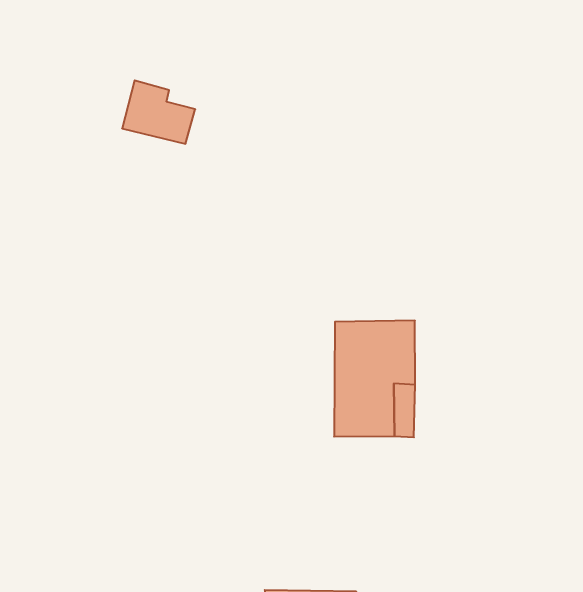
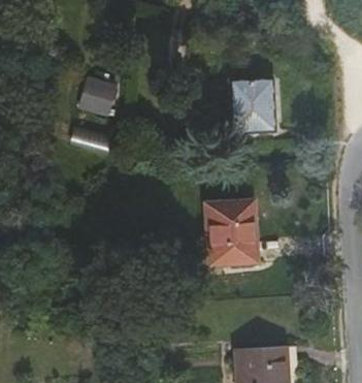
building: none -> [228,77,267,132]

